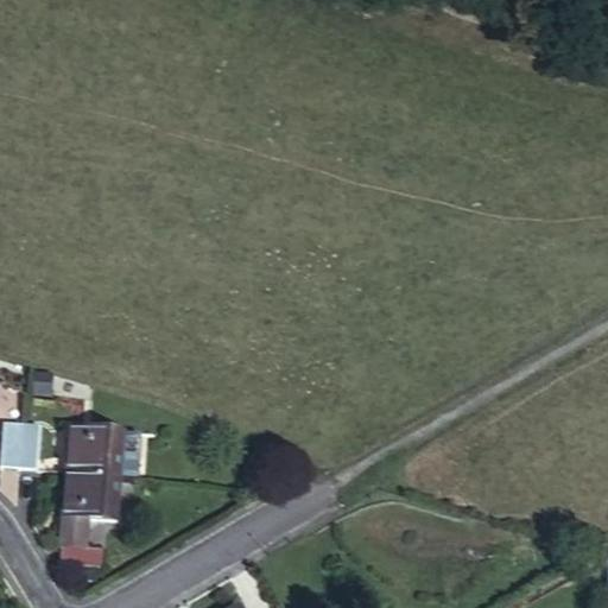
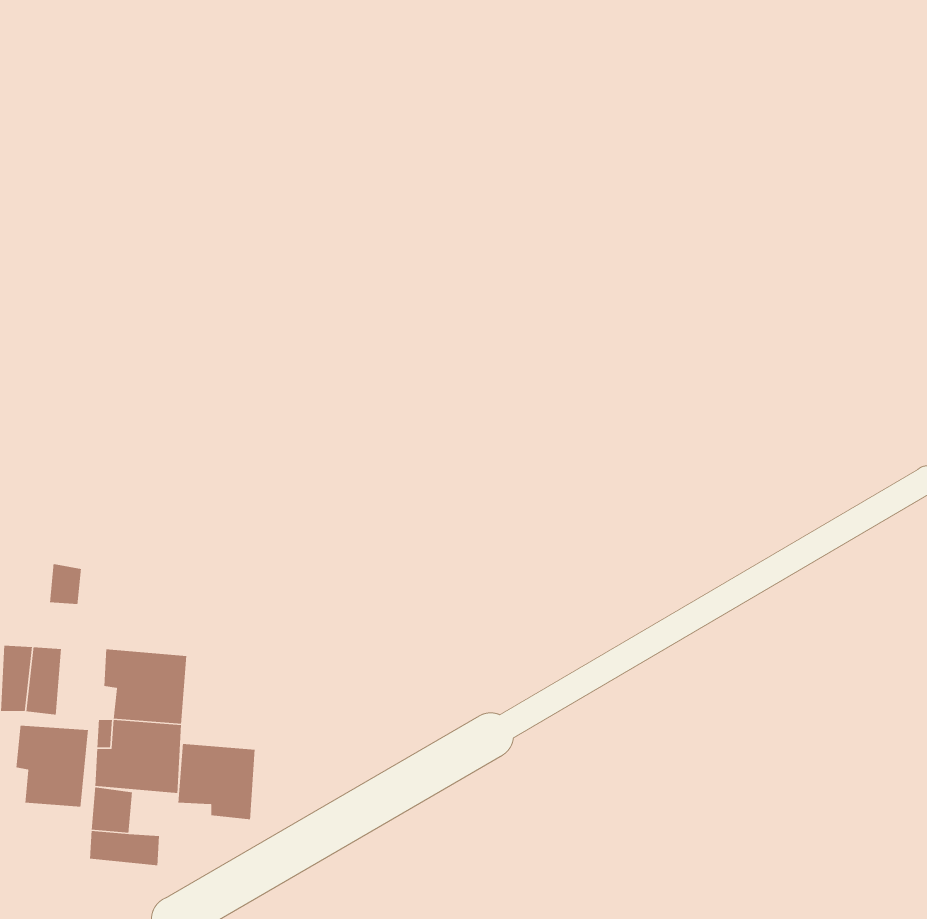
building: none -> [16,725,89,808]
building: none -> [177,743,255,820]

